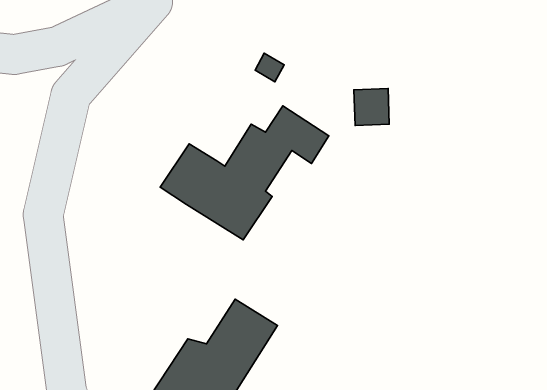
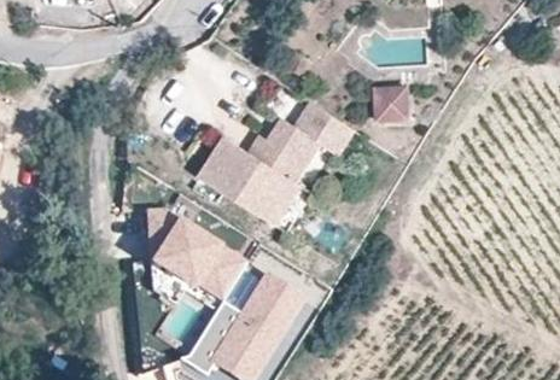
building: none -> [142,211,252,312]

